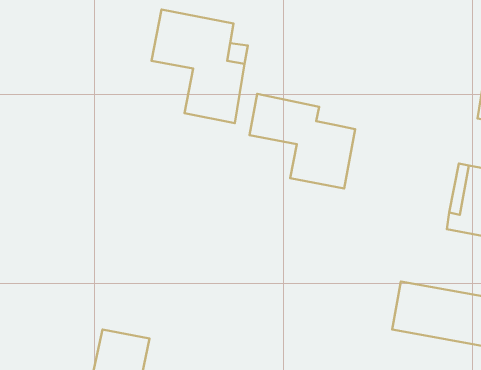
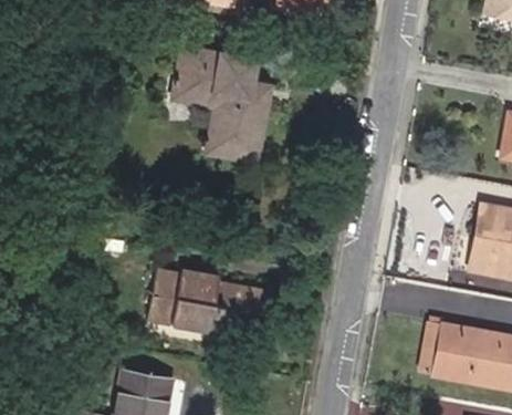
building: [250,94,355,189] -> none
building: none -> [148,266,271,334]

